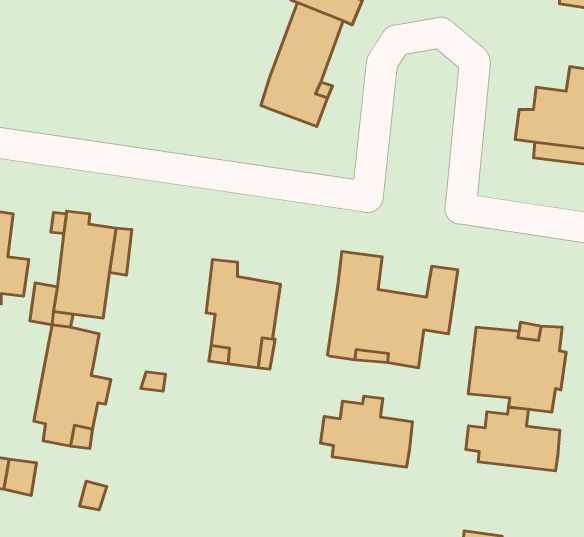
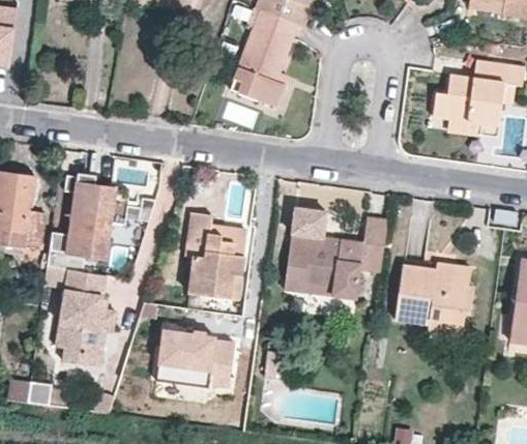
building: [321,396,412,467] -> none
building: none -> [151,327,232,385]
building: [466,407,560,471] -> none

